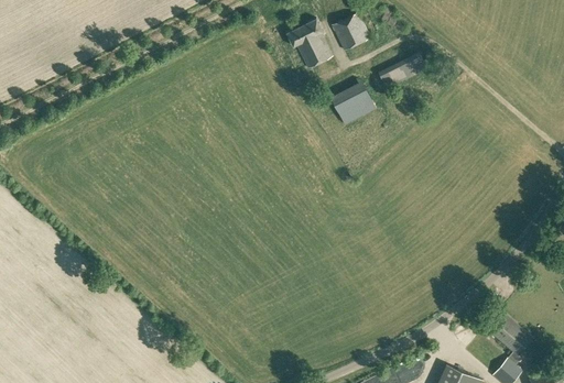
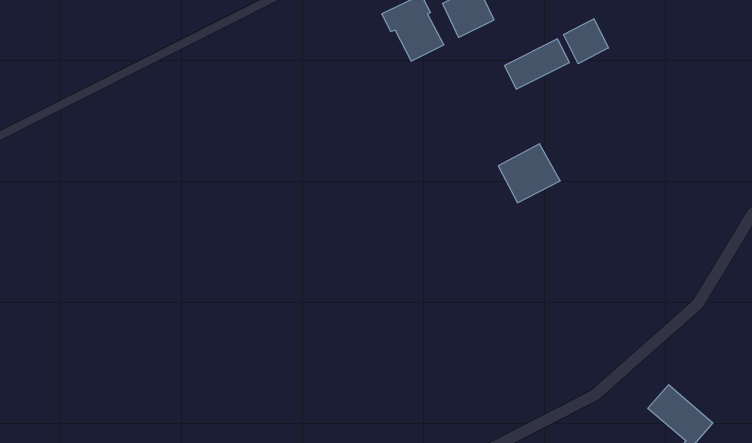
building: none -> [564,19,609,64]
building: [330,80,377,124] -> [498,144,560,203]

